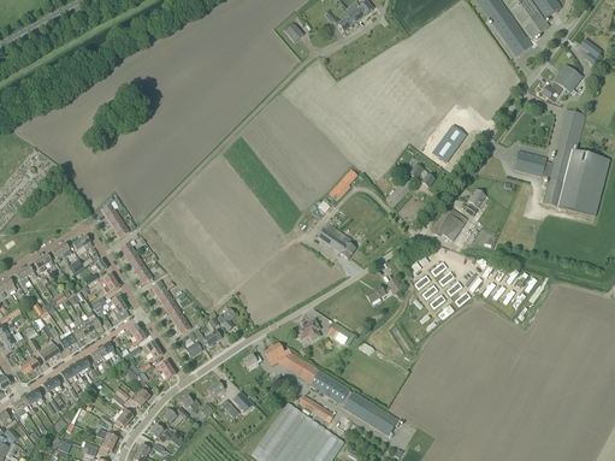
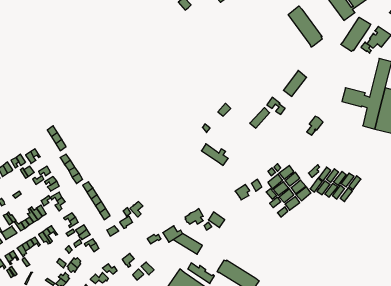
building: none -> [288,6,322,47]
building: none -> [341,17,371,51]
building: [433,208,467,241] -> none
building: [309,370,350,403] -> none

